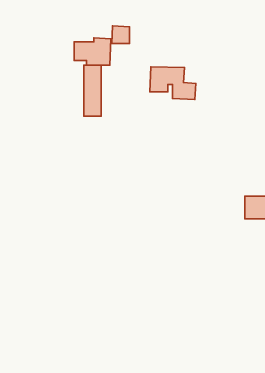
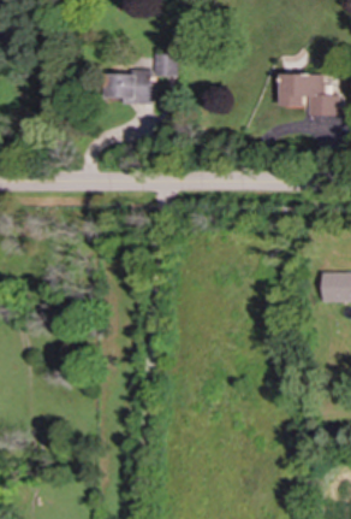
building: [84,65,101,116] -> none
building: [150,67,196,99] -> [280,73,339,116]

